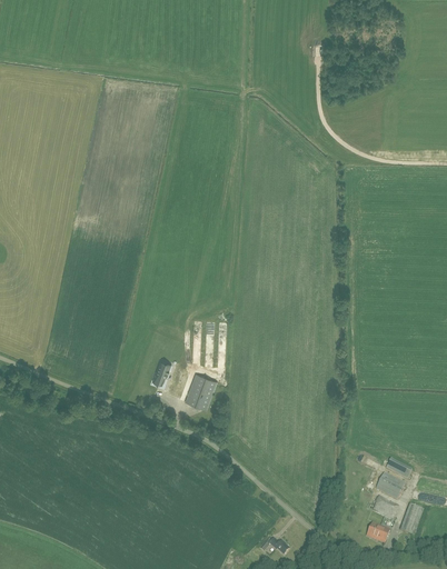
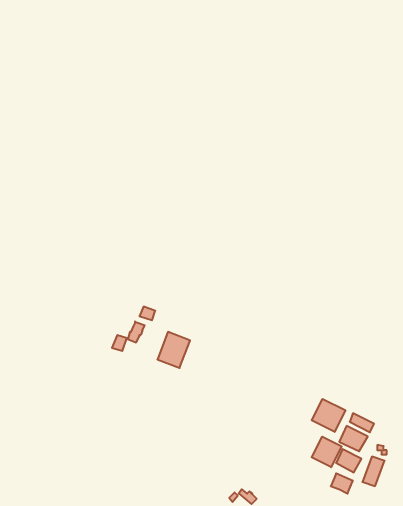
building: none -> [312,399,345,432]
building: none -> [312,437,342,467]

